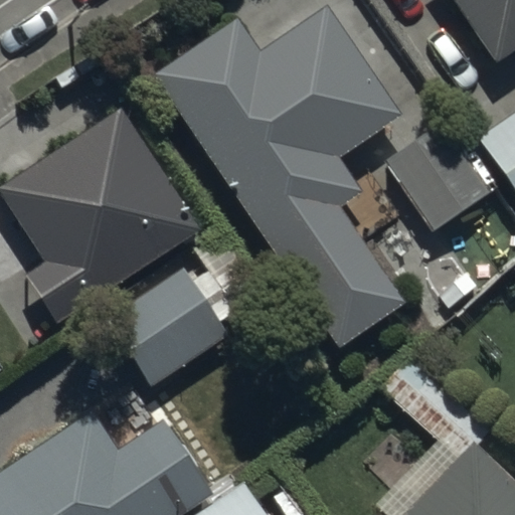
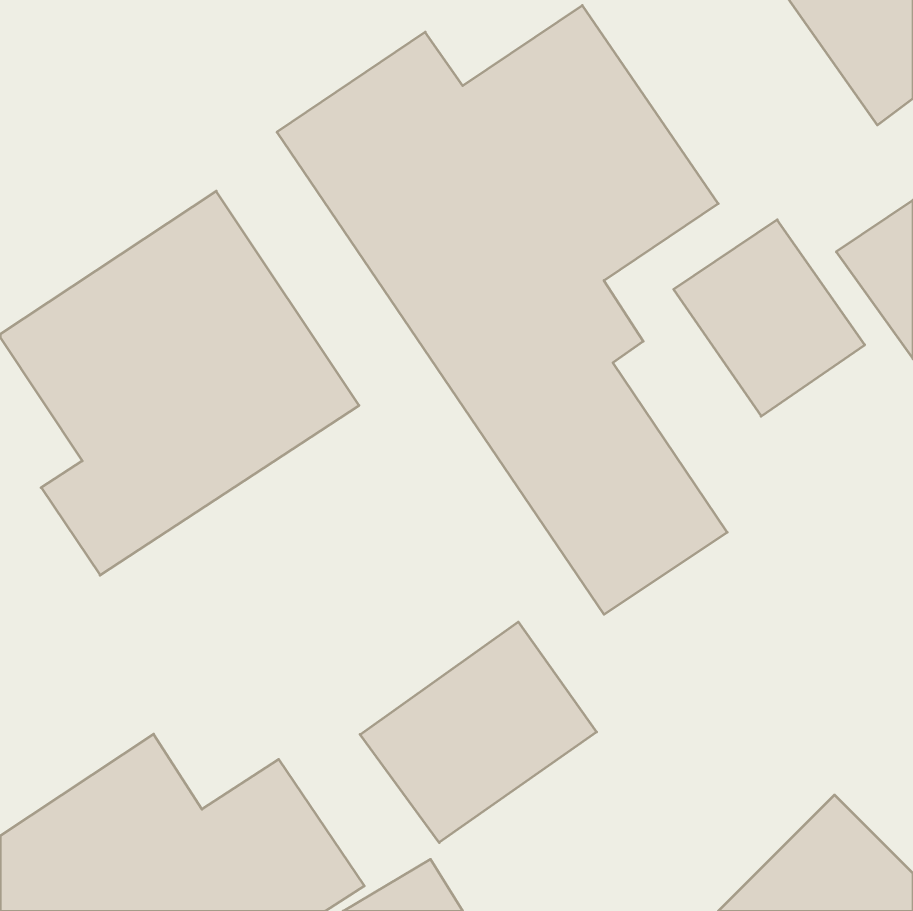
building: [104,267,264,391] -> none
building: none -> [360,622,597,843]

